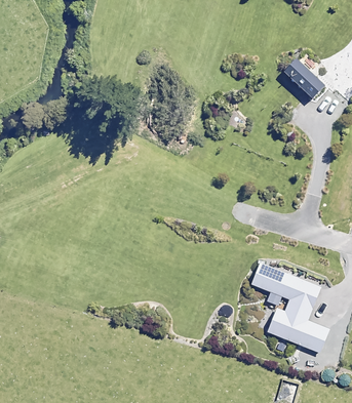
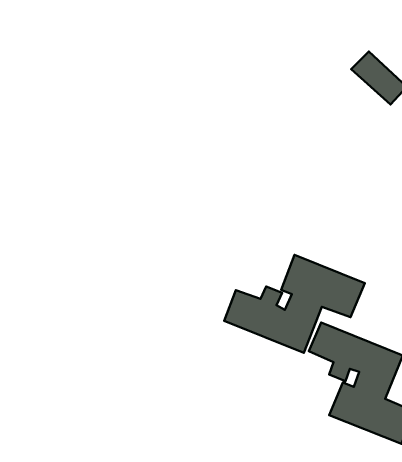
building: none -> [224,255,365,353]

